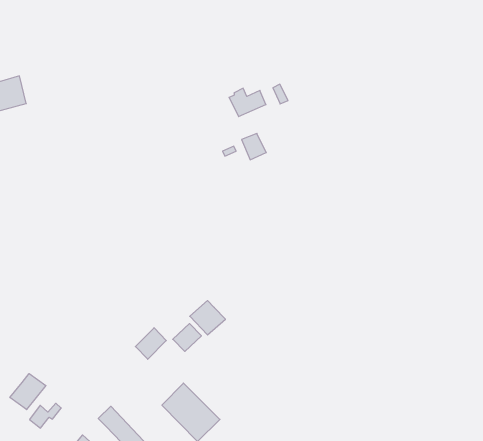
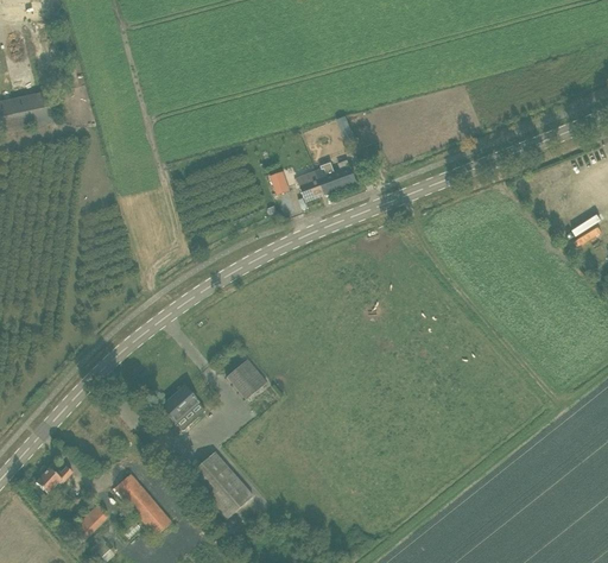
building: [229,88,266,117] -> [316,162,357,194]
building: [173,324,201,351] -> none
building: [10,374,46,410] -> none

